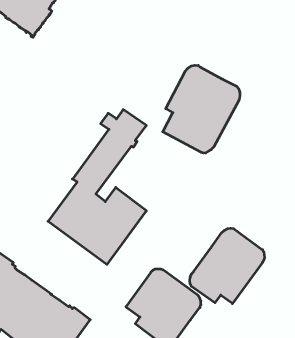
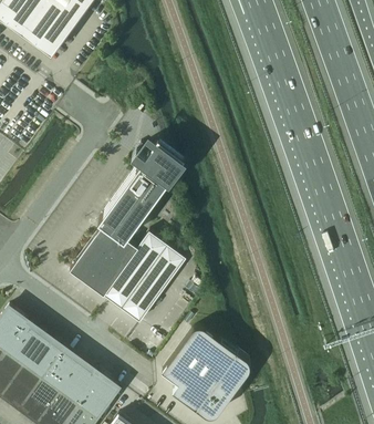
building: [163,65,240,153] -> none
building: [190,228,265,304] -> none

